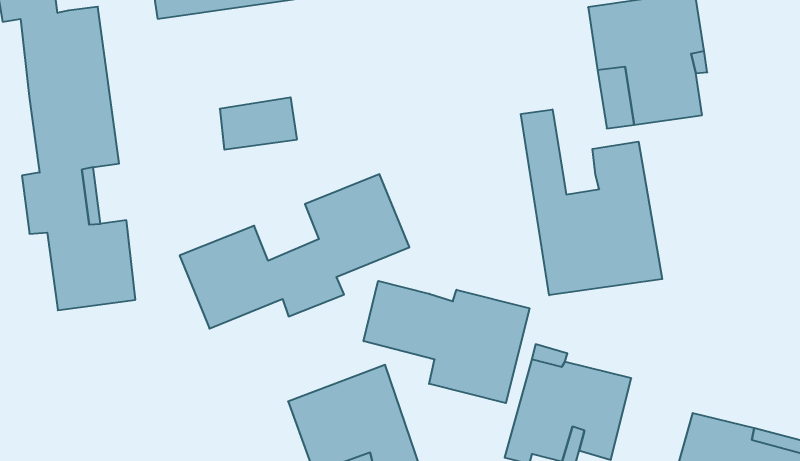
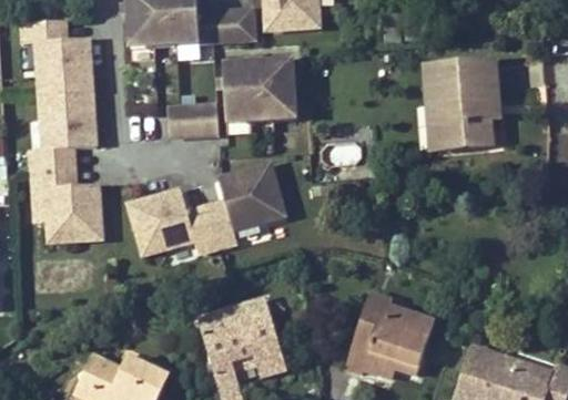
building: none -> [221,62,294,125]
building: [521,109,662,295] -> none
building: [364,281,529,403] -> none

